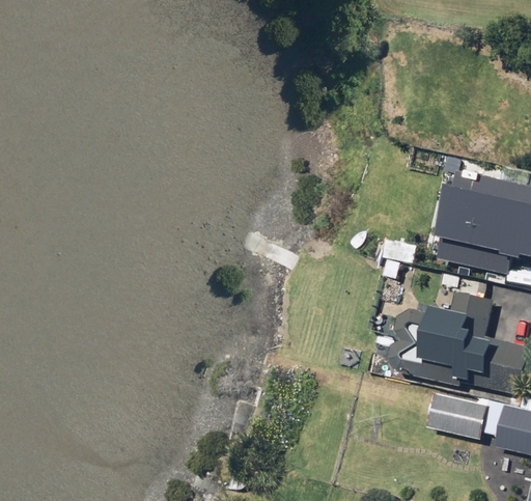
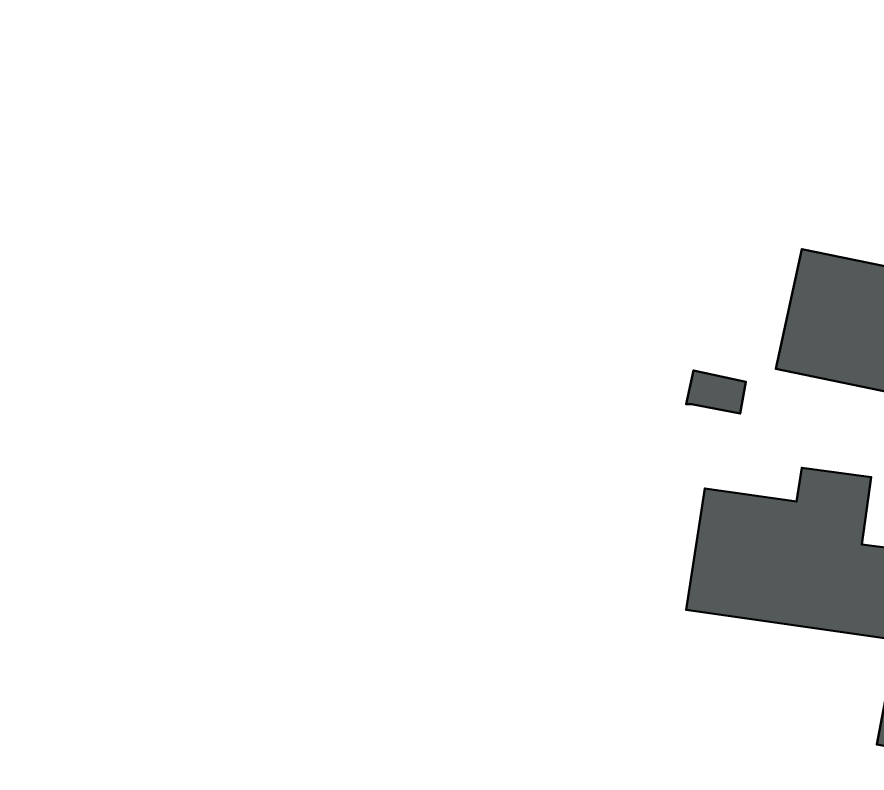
building: [426,393,491,439] -> none

